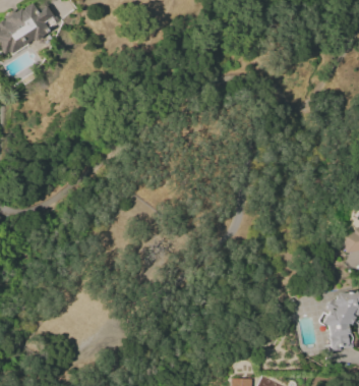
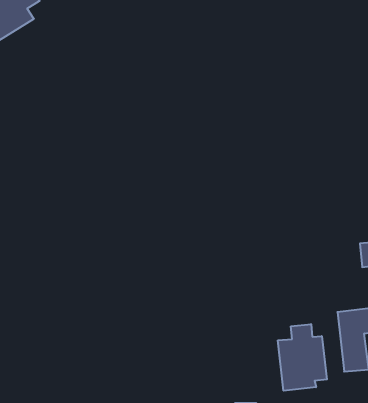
building: none -> [278,324,327,391]

